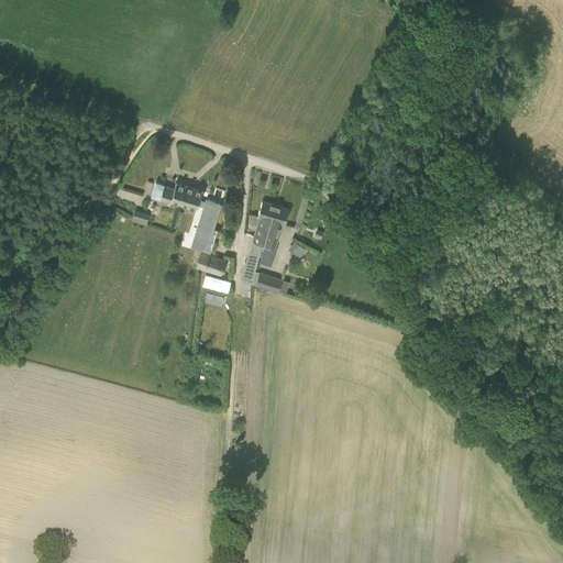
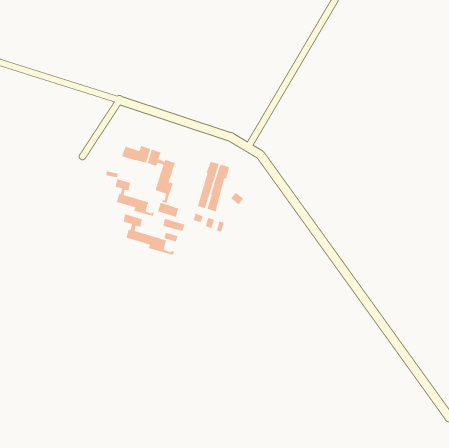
building: none -> [114,178,155,217]
building: none -> [122,213,175,256]

